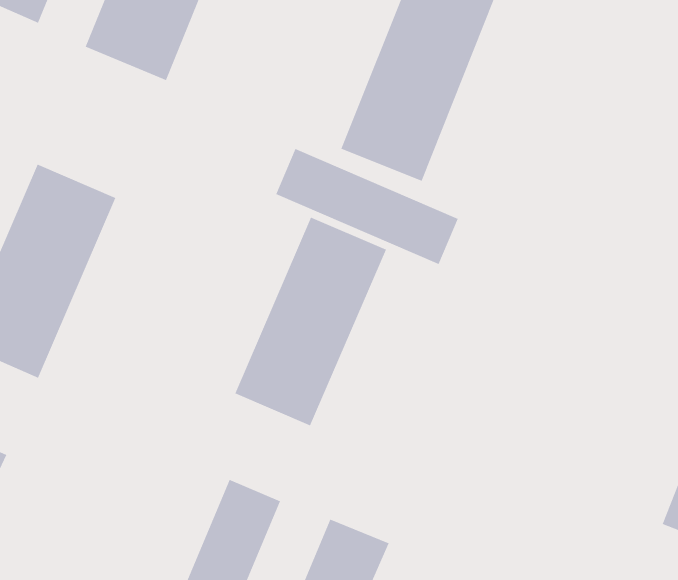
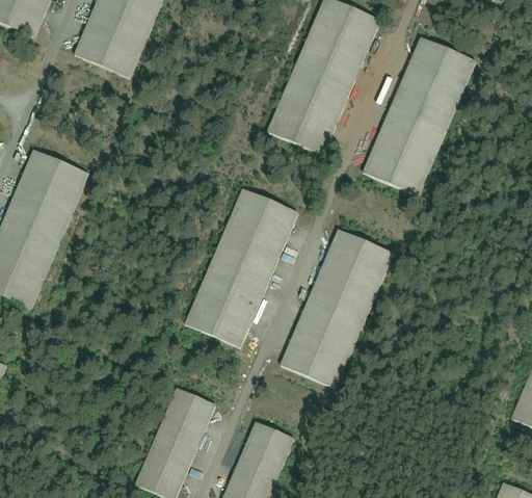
building: none -> [360,35,478,200]
building: [275,148,459,265] -> none
building: none -> [280,227,396,391]

